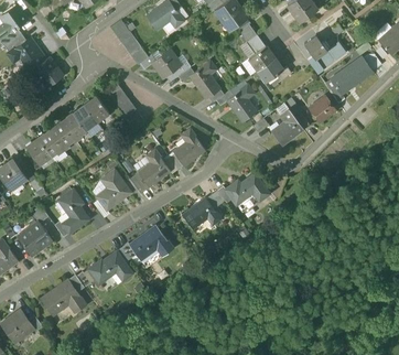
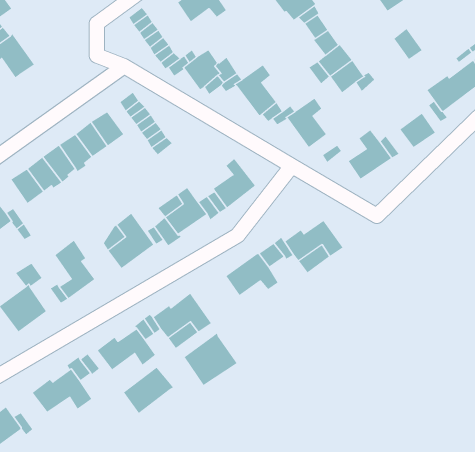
building: [306,41,345,73] -> none
building: [33,56,63,85] -> none
building: none -> [184,332,237,386]
building: none -> [123,367,174,414]

